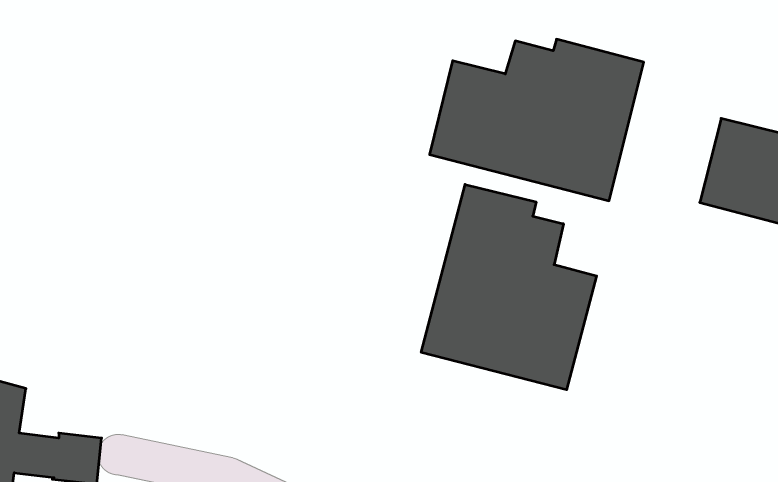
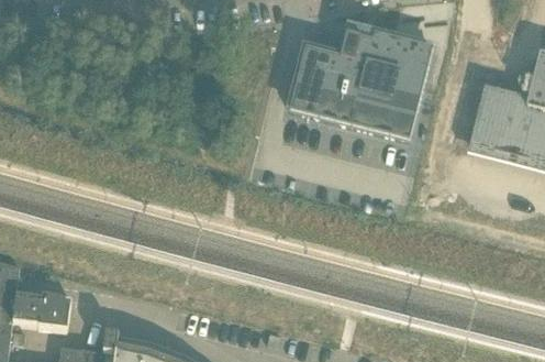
building: [421,184,597,390] -> none

